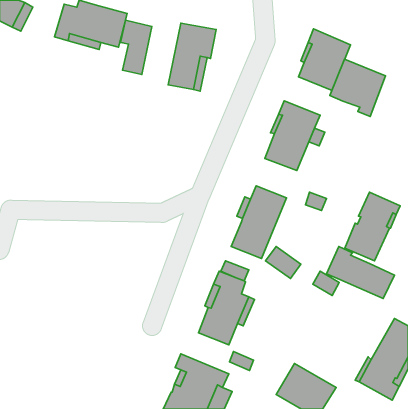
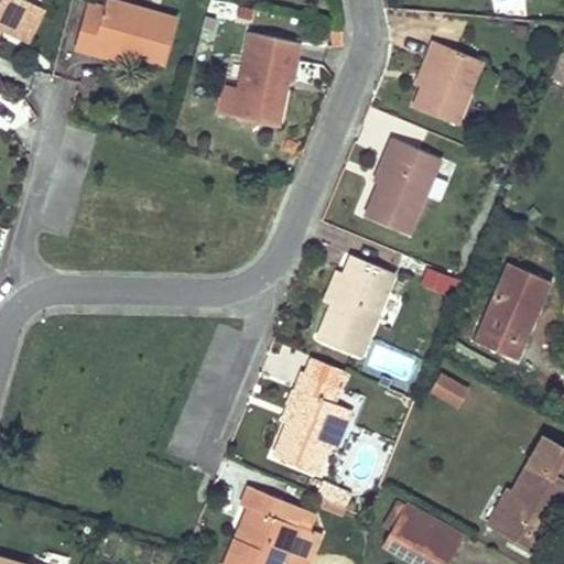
building: [121,20,152,74] -> none
building: [330,59,386,116] -> none
building: [326,247,395,299] -> none

